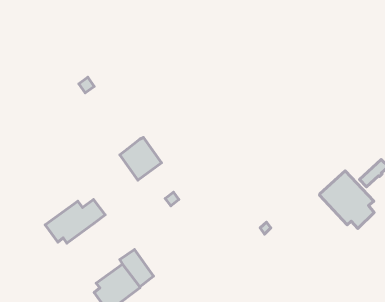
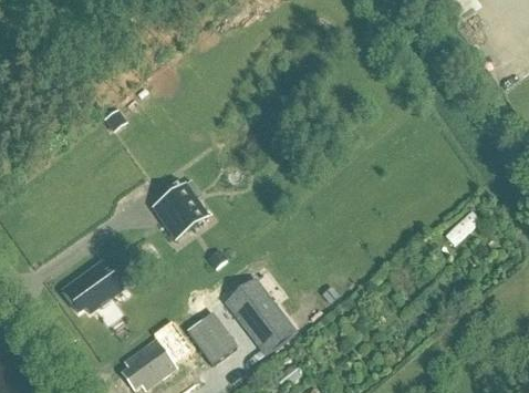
building: [320,171,374,228] -> none
building: none -> [229,280,294,352]
building: none -> [185,308,236,361]

